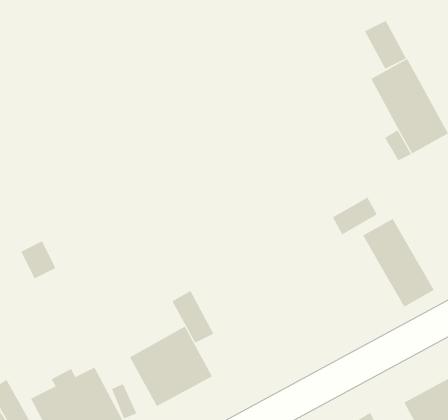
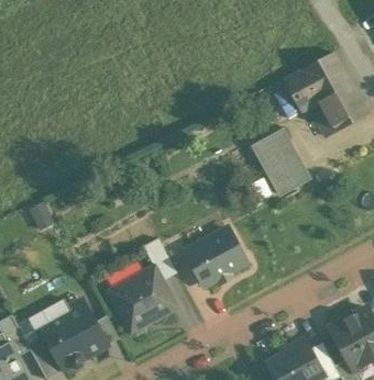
building: [364,20,407,70] -> [285,69,319,109]
building: none -> [253,131,300,180]
building: [363,218,434,307] -> none
building: none -> [180,223,250,289]

